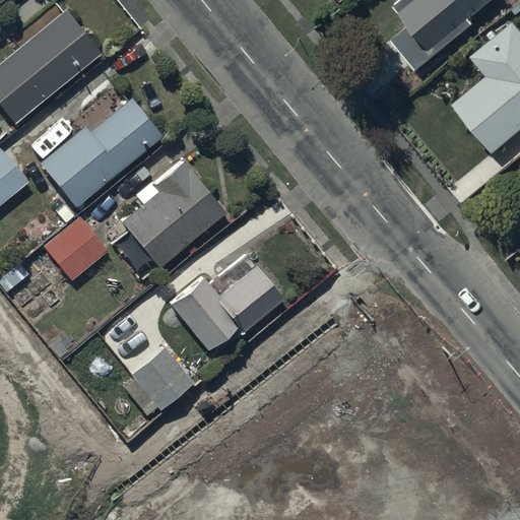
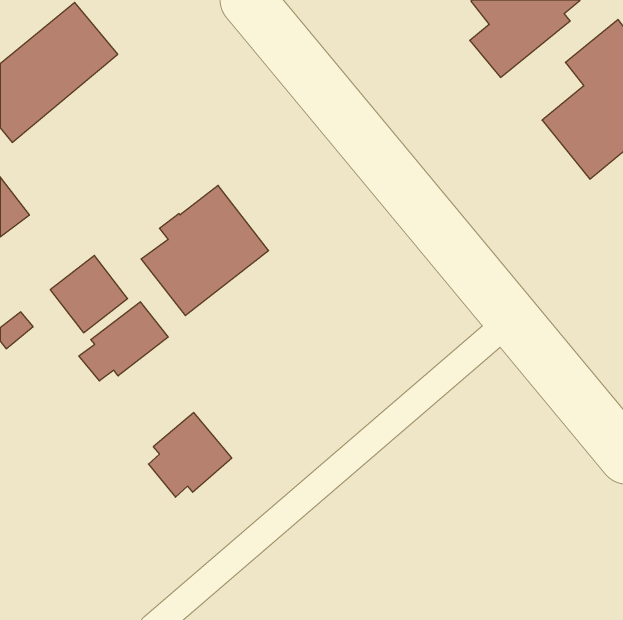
building: [40,100,161,207] -> none
building: none -> [79,302,168,381]
building: [172,266,283,349] -> none

